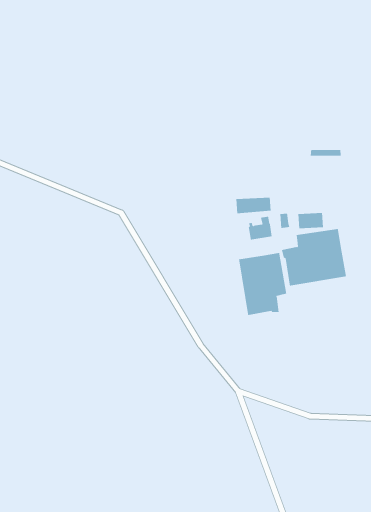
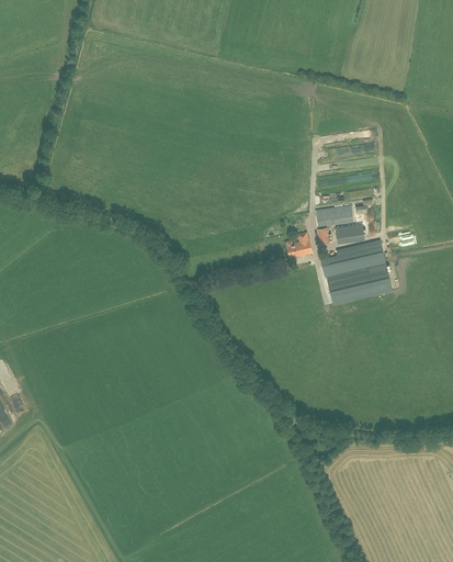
building: [235,197,272,214] -> [315,205,353,225]
building: [239,252,287,316] -> none

